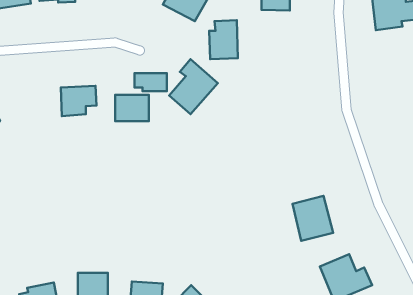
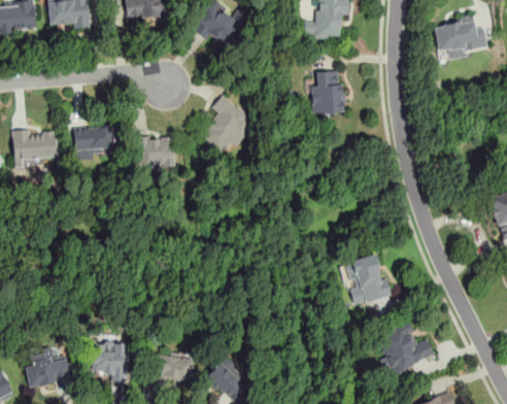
building: [209,20,238,59] -> [310,70,343,115]
building: [135,73,167,91] -> none
building: none -> [12,130,56,160]

